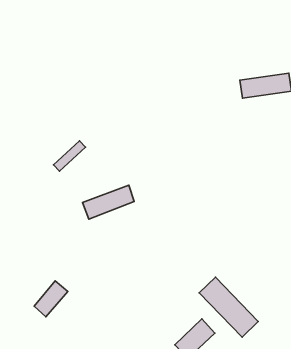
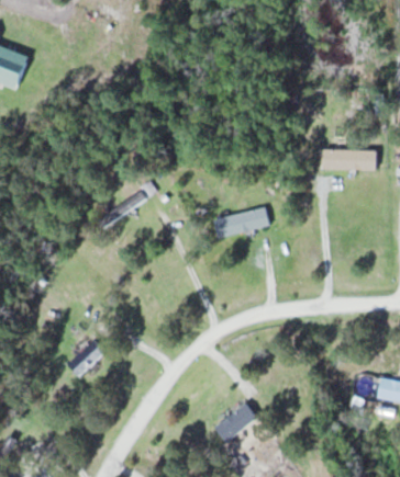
building: [83,185,134,219] -> [212,207,268,238]
building: [199,277,258,337] -> none

